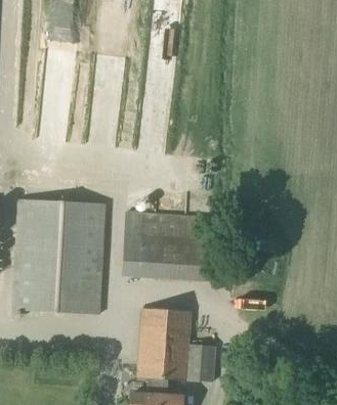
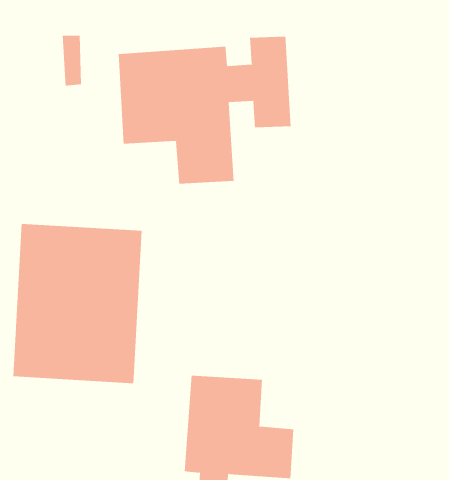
building: none -> [118,36,291,184]
building: [122,211,212,282] -> none

